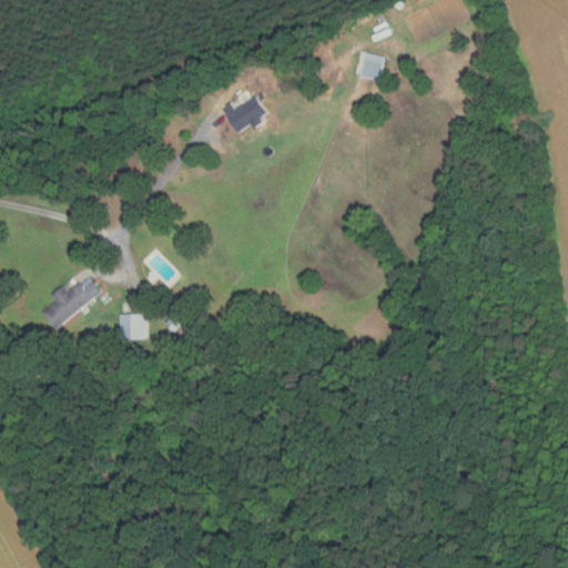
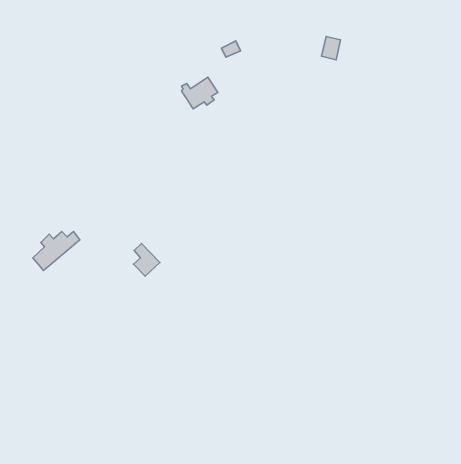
building: [359,52,383,81] -> [322,36,341,60]
building: [118,314,145,341] -> none

